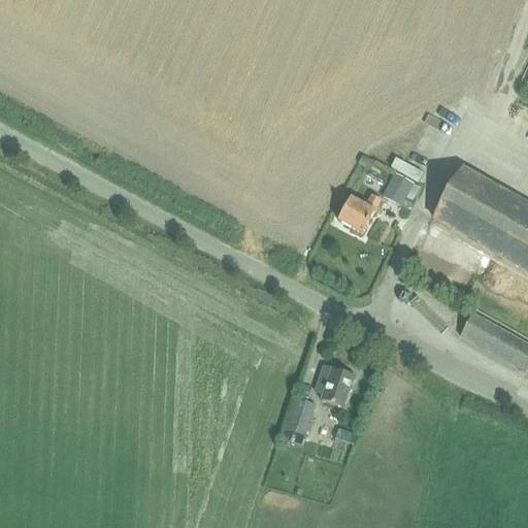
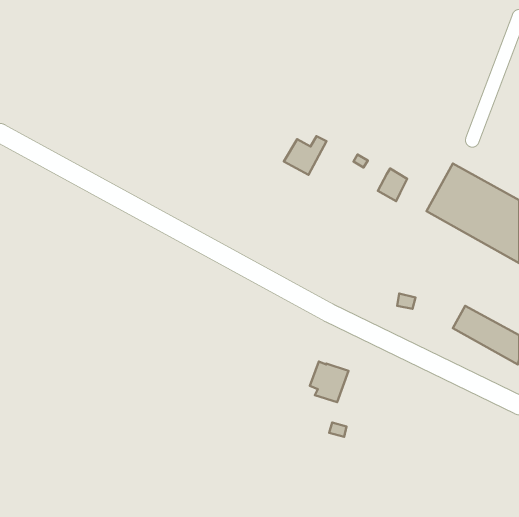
building: [338,192,382,231] -> [284,136,327,175]
building: [286,399,315,436] -> none

